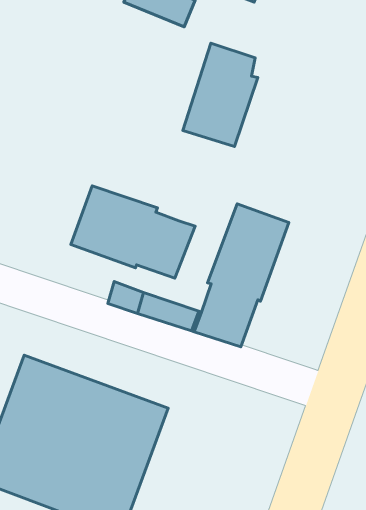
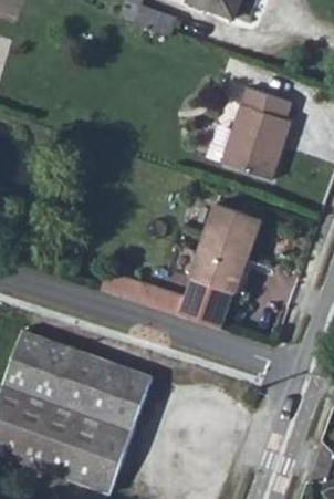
building: [183,43,258,146] -> [221,83,289,176]
building: [71,186,195,278] -> none

